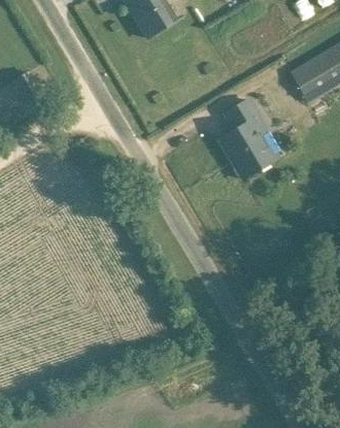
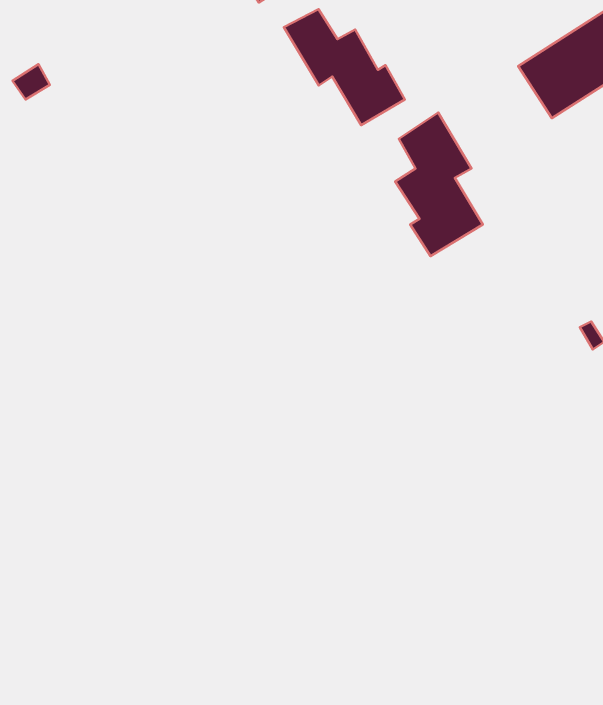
building: none -> [284,9,405,125]

